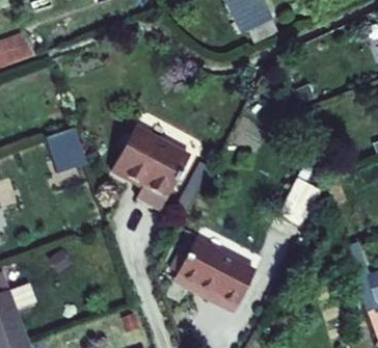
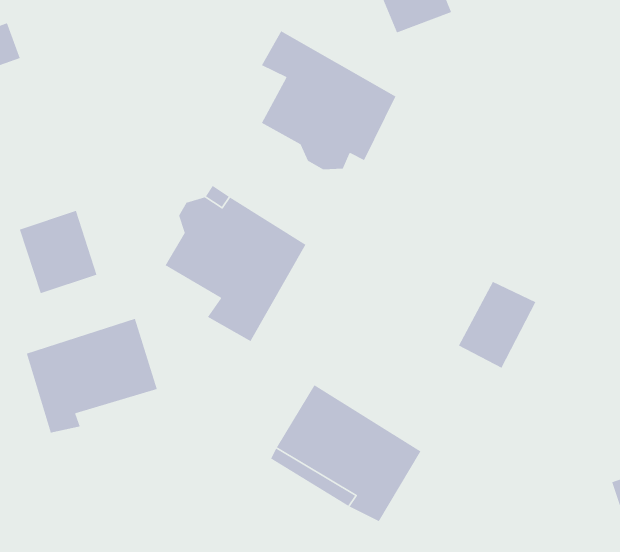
building: none -> [261,30,397,170]
building: none -> [26,318,158,433]

